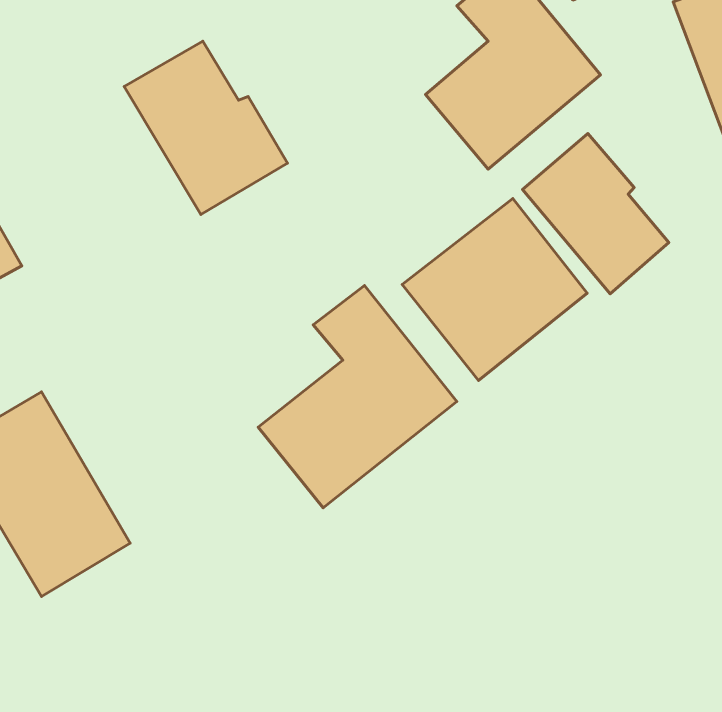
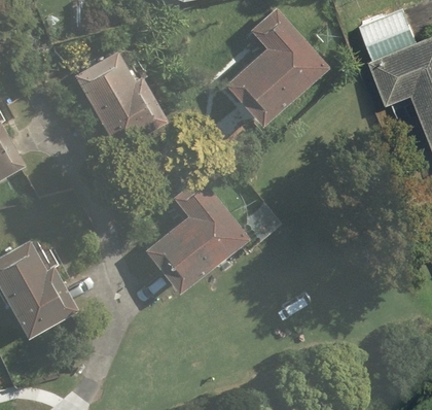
building: [522,133,669,294] -> none
building: [402,198,587,380] -> none

